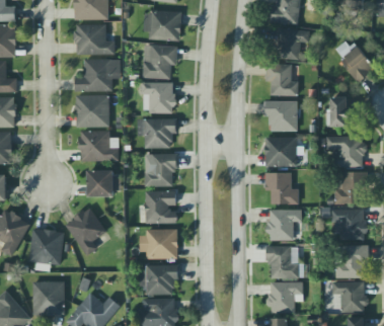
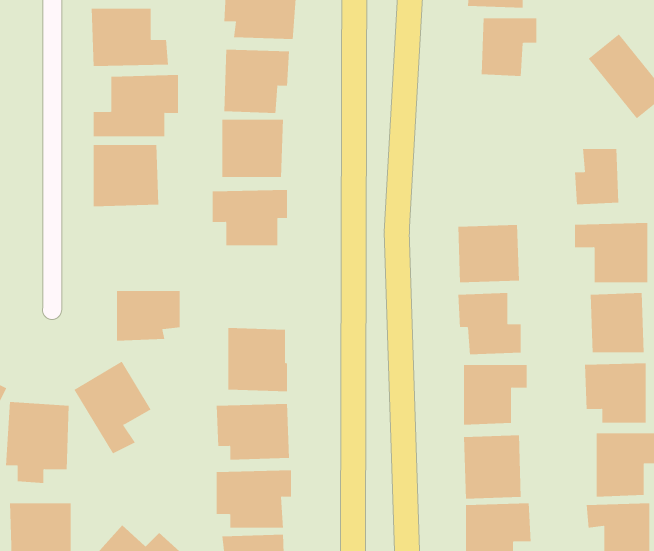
building: [265,64,297,95] -> none
building: [264,100,297,132] -> none
building: [79,131,119,162] -> none
building: [144,154,176,186] -> none

